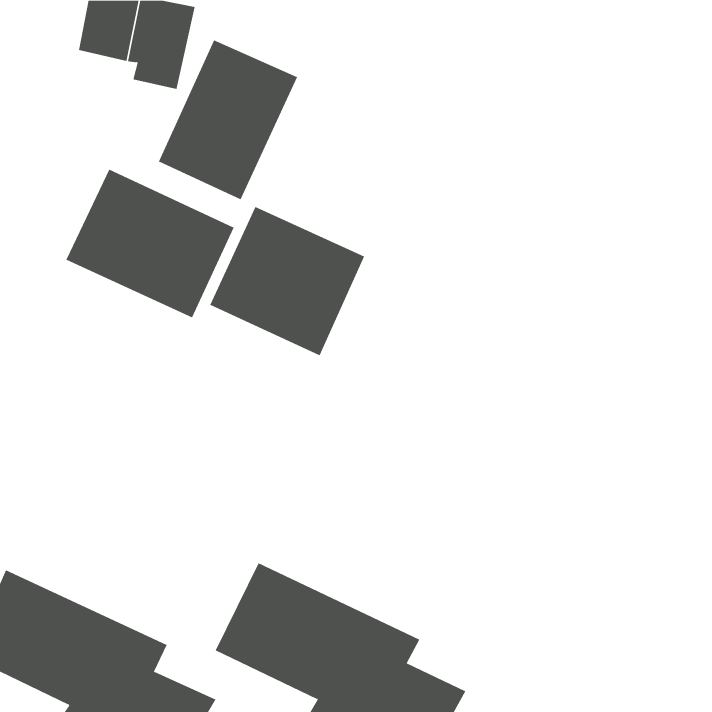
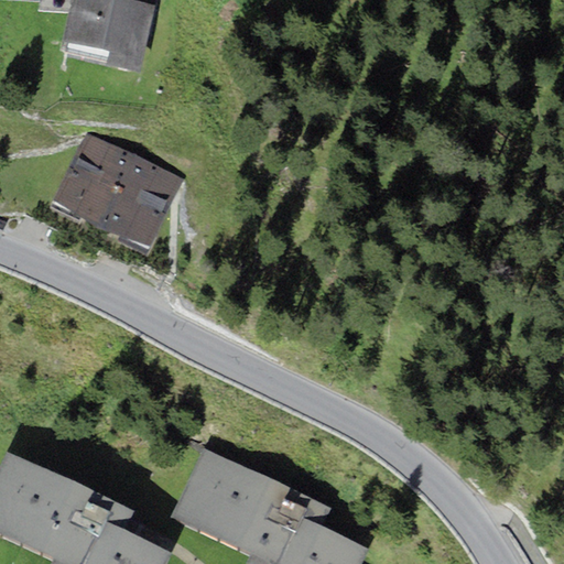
building: [158,40,298,200] -> none
building: [209,206,365,356] -> none

